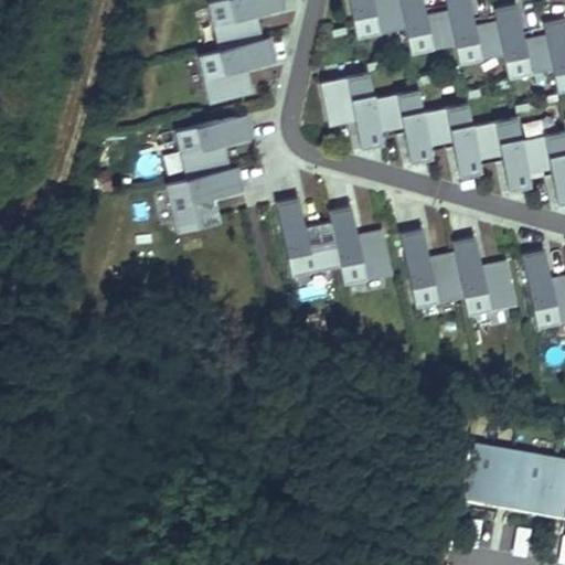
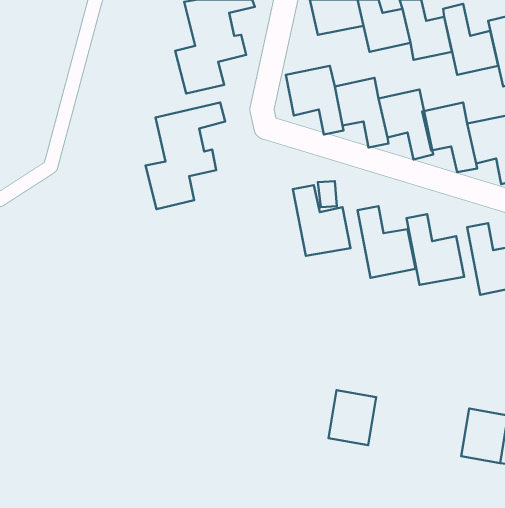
building: [276,196,340,275] -> none
building: [471,445,524,505] -> [328,390,376,445]

